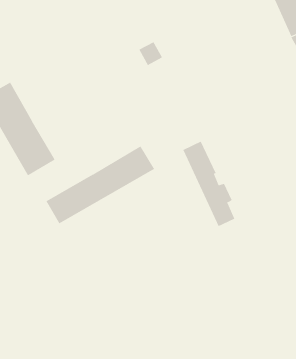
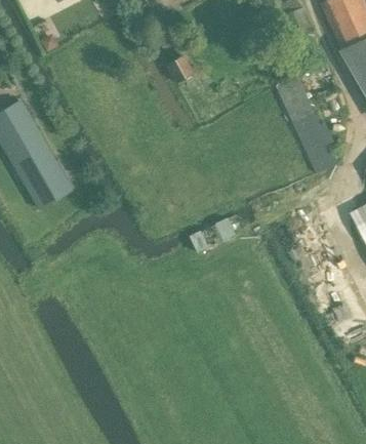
building: [182,141,235,227] -> [276,75,336,173]
building: [46,146,155,224] -> none

